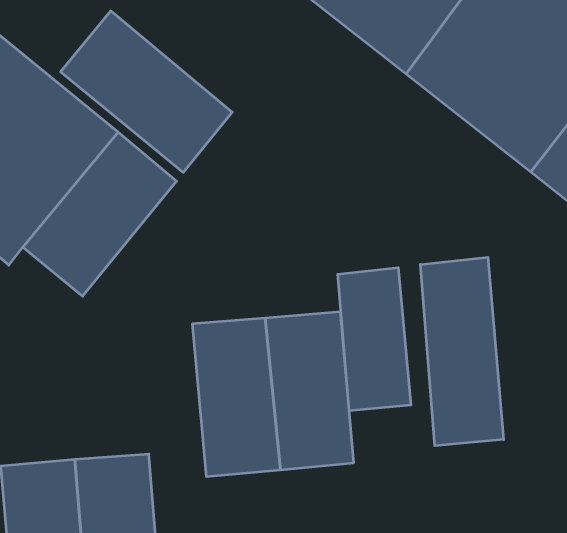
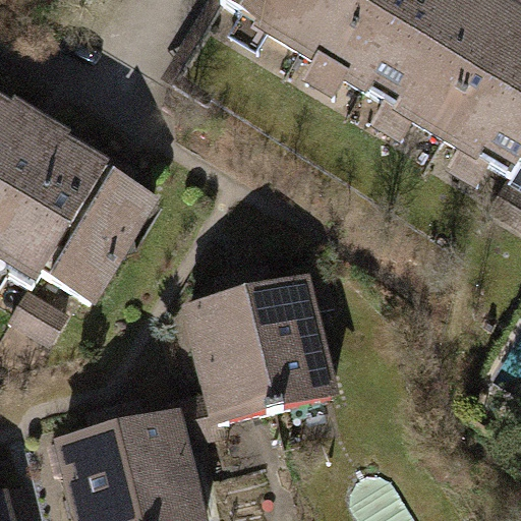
building: [61,11,232,172] -> none
building: [420,257,504,446] -> none
building: [338,268,411,411] -> none

